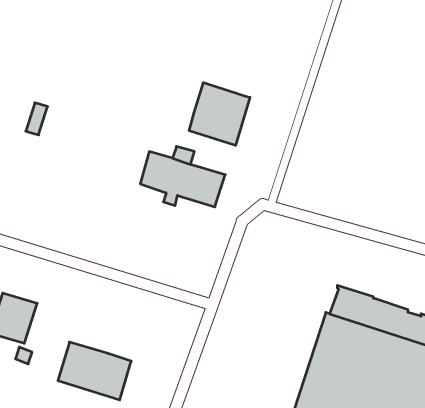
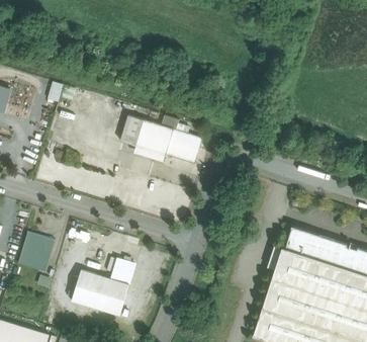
building: [189,83,250,145] -> none
building: none -> [119,115,143,146]
building: none -> [110,259,134,285]

